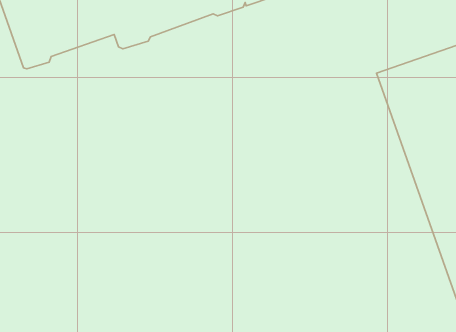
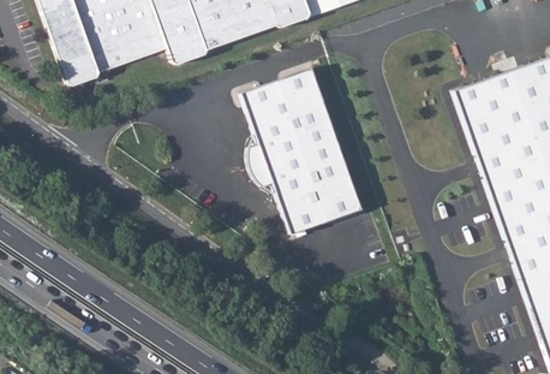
building: none -> [241,67,363,233]

